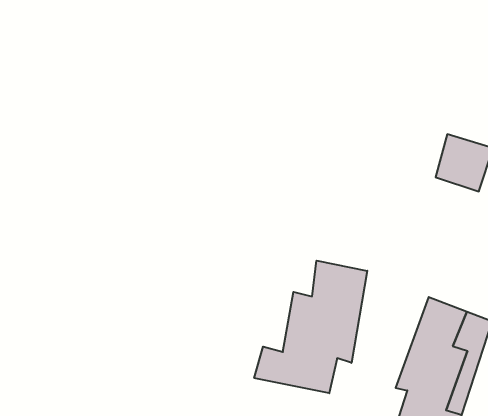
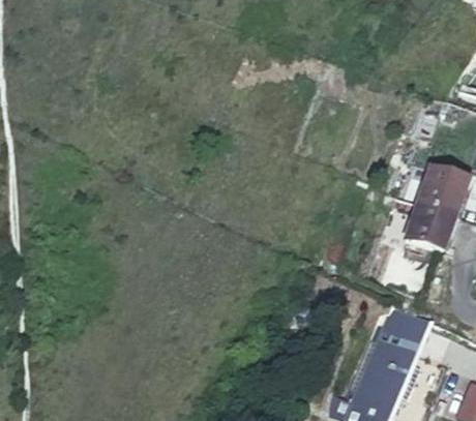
building: none -> [394,203,445,255]
building: [254,261,367,393] -> none

